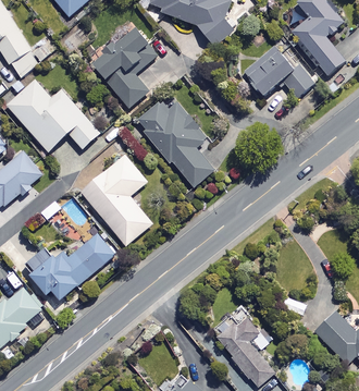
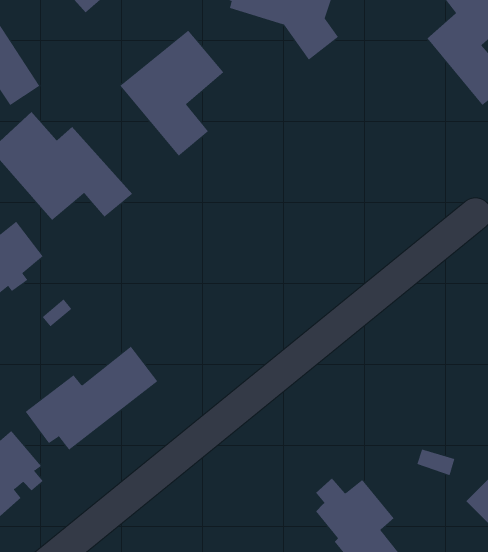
building: [242,46,313,98] -> none
building: [136,100,214,187] -> none
building: [81,155,152,245] -> none

